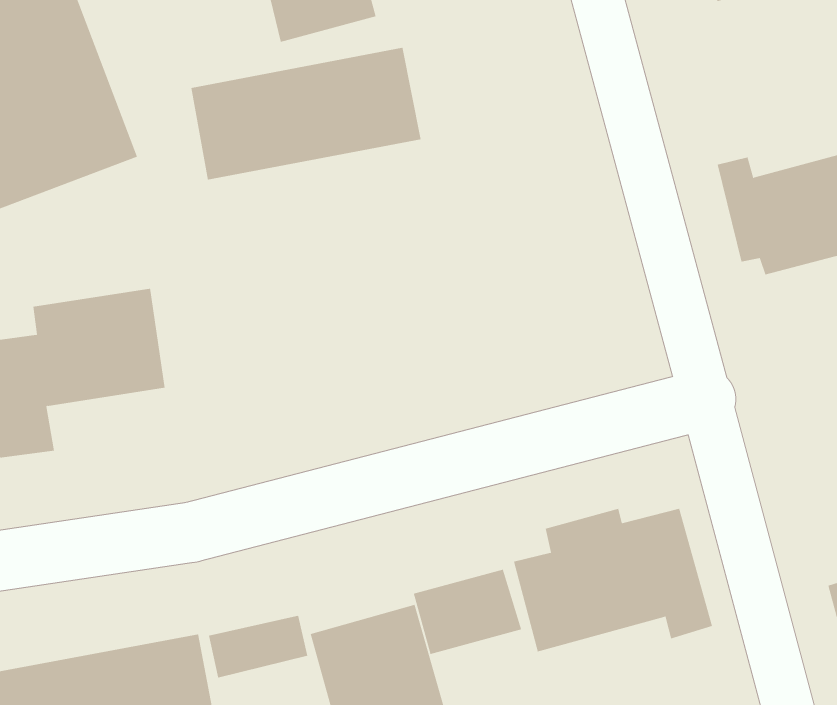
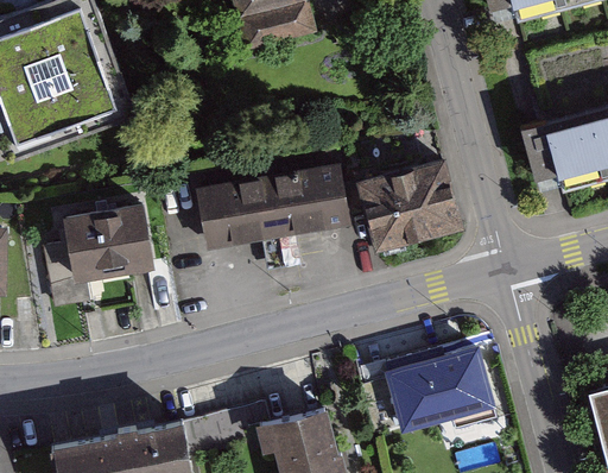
building: [191,47,422,180] -> [200,166,348,252]
building: none -> [362,156,468,250]
building: [413,569,522,655] -> none

